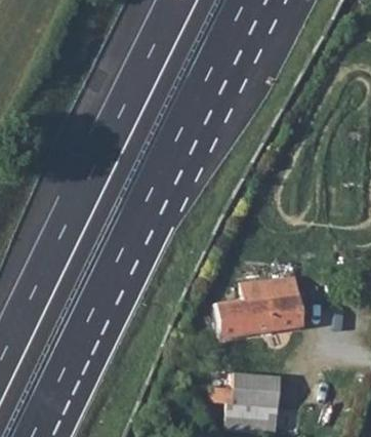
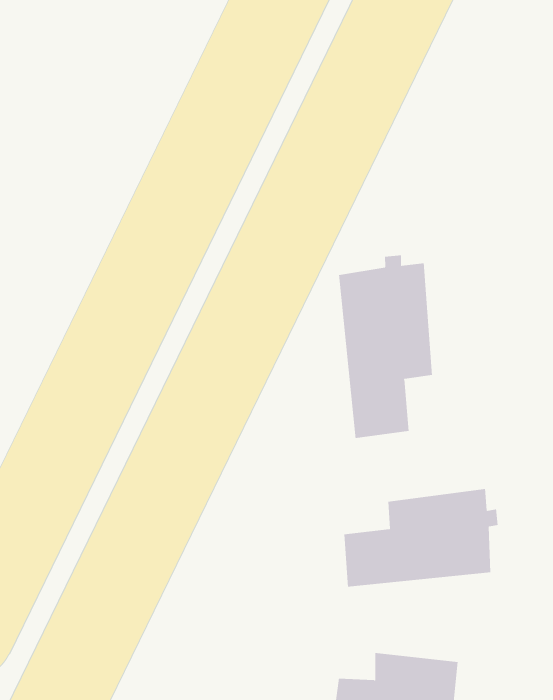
building: none -> [339,255,433,439]

